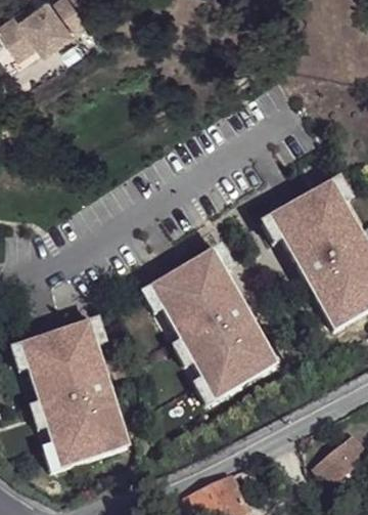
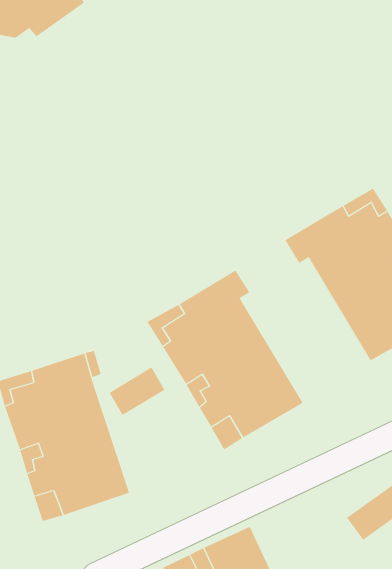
building: none -> [109,367,165,416]

